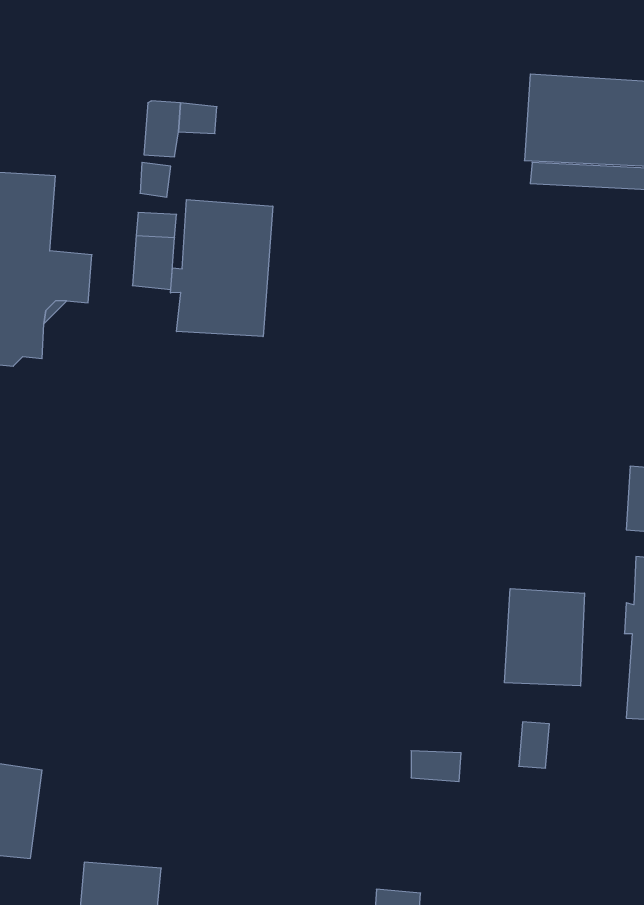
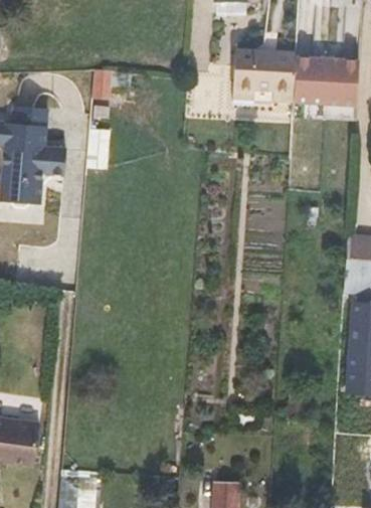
building: none -> [231,47,295,104]
building: [171,200,273,337] -> none
building: [505,589,584,686] -> none

